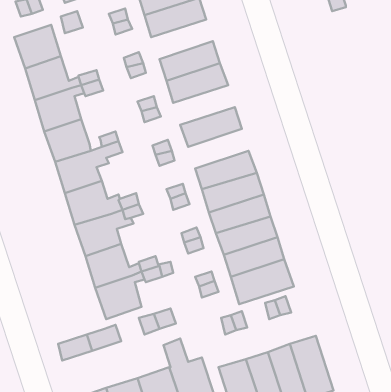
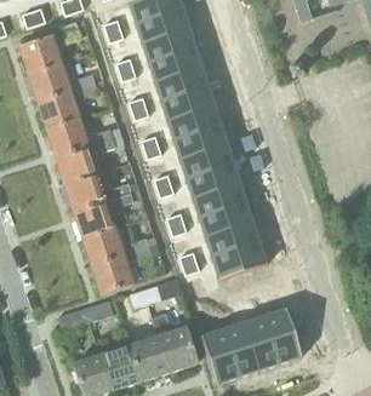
building: none -> [141,29,195,64]
building: none -> [160,87,215,122]
building: none -> [173,126,227,161]

